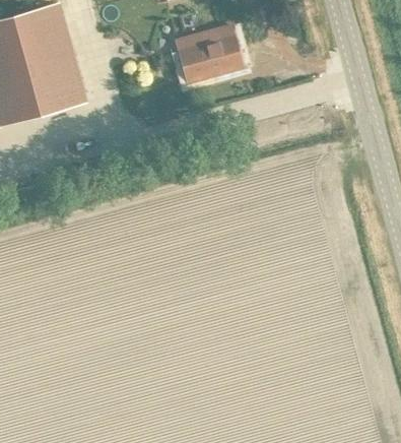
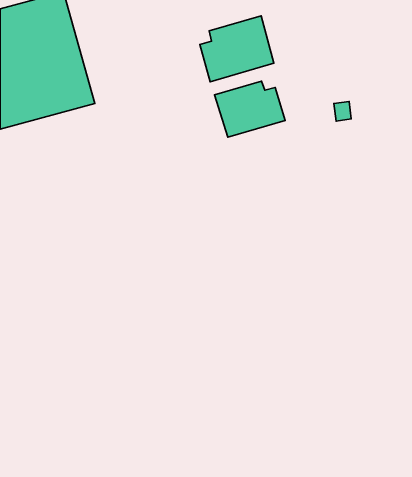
building: none -> [215,81,285,137]

